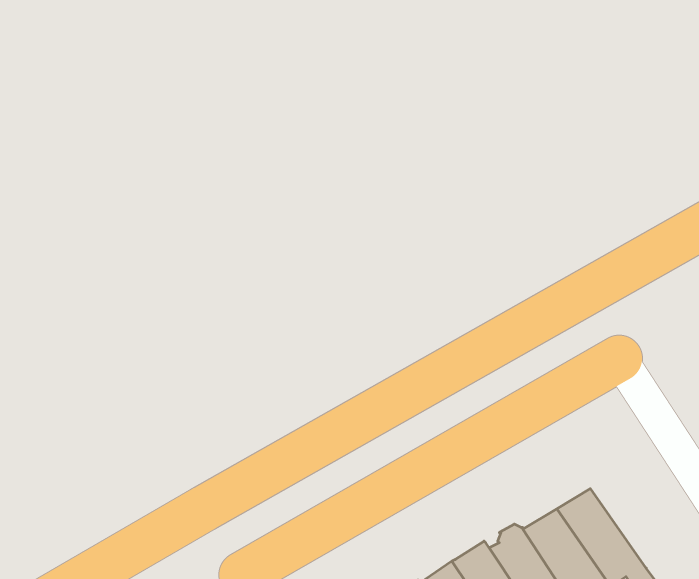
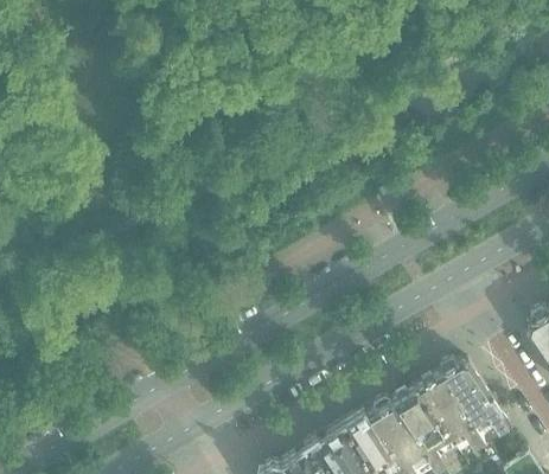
building: none -> [439,364,510,433]

